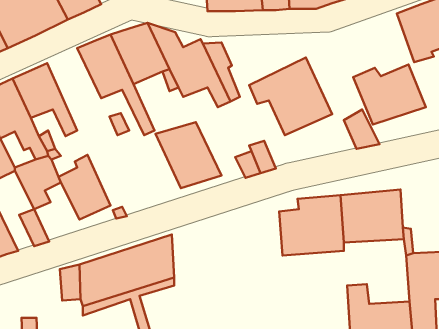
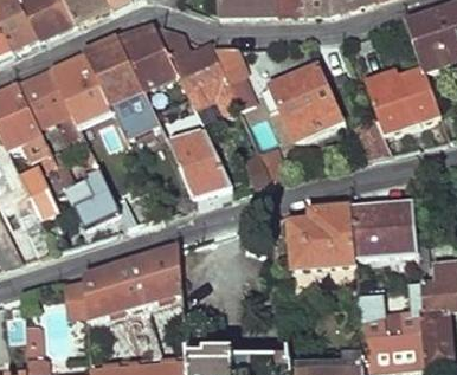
building: none -> [52,53,108,157]

